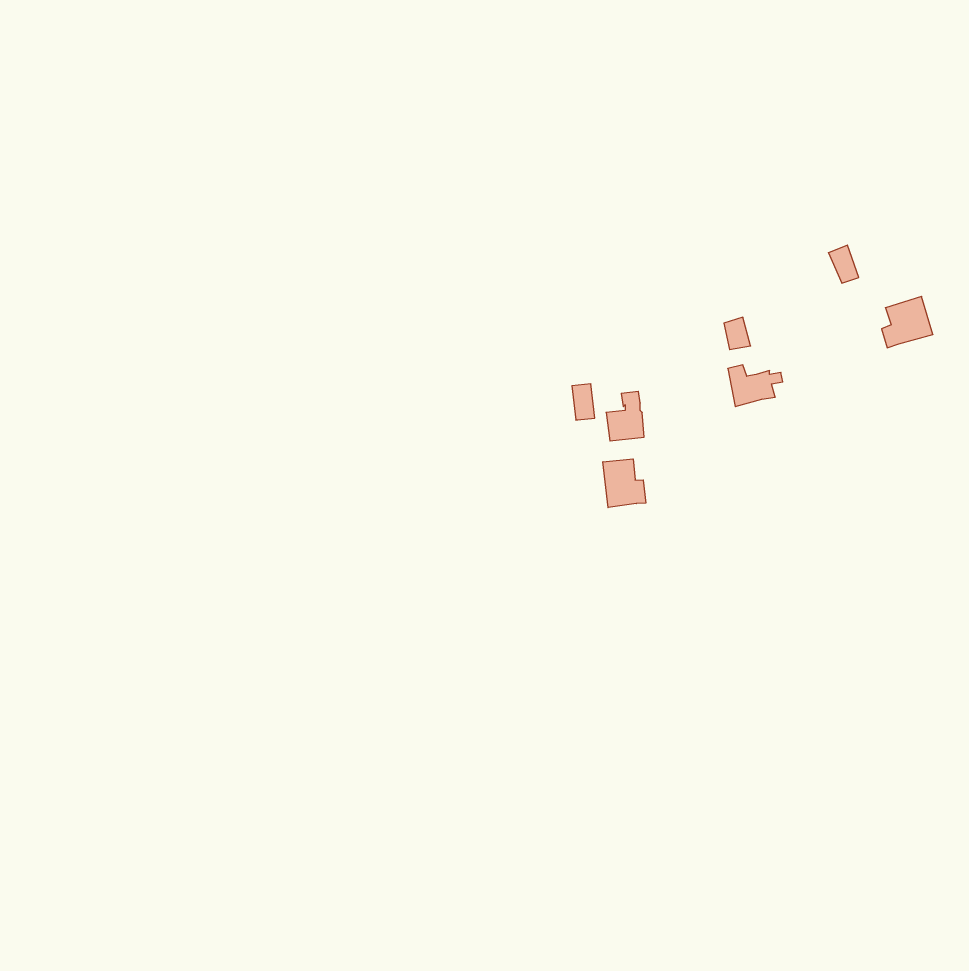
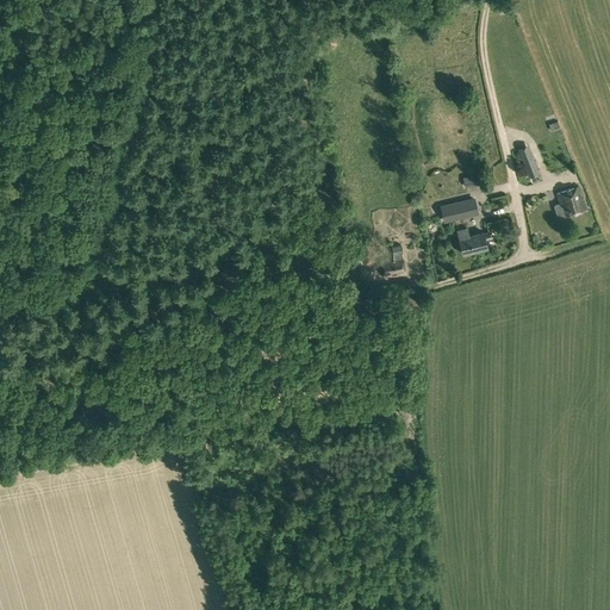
building: [603,459,646,508] -> none

